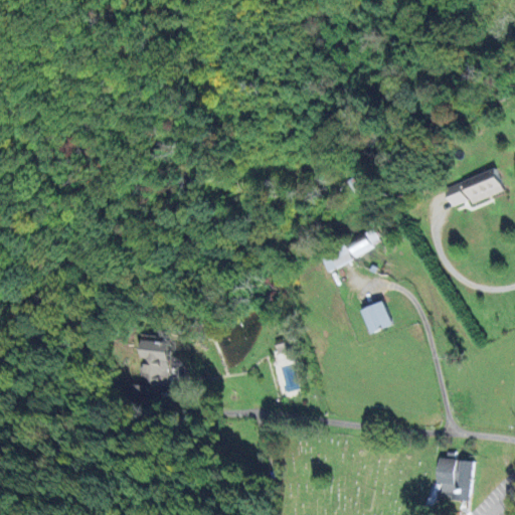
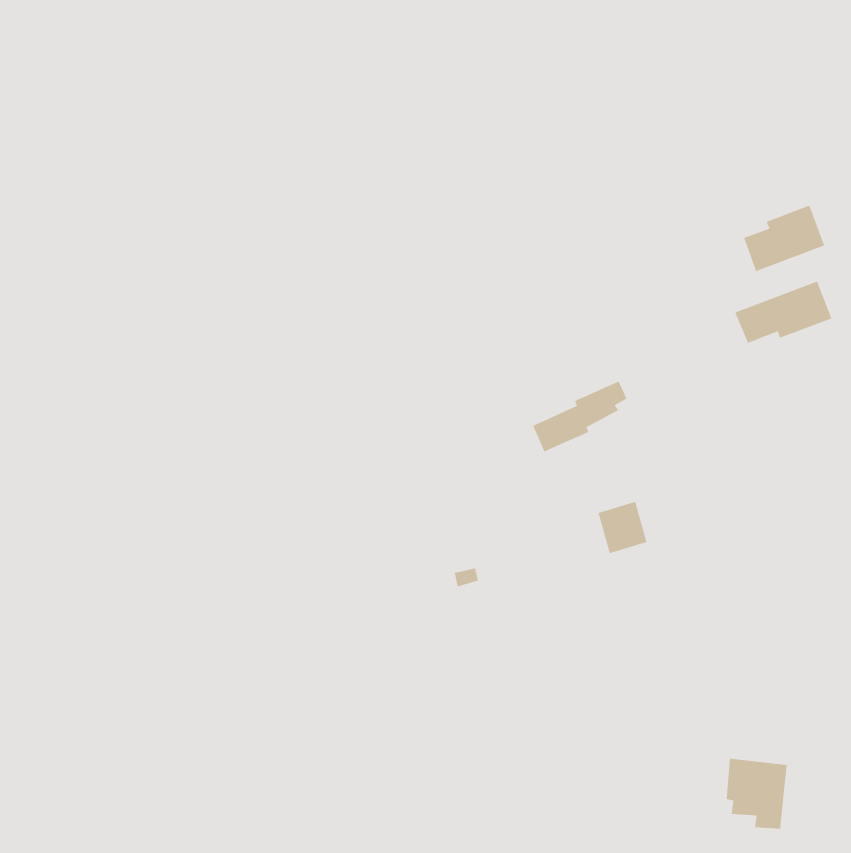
building: none -> [743,204,825,272]
building: [138,340,168,385] -> none

